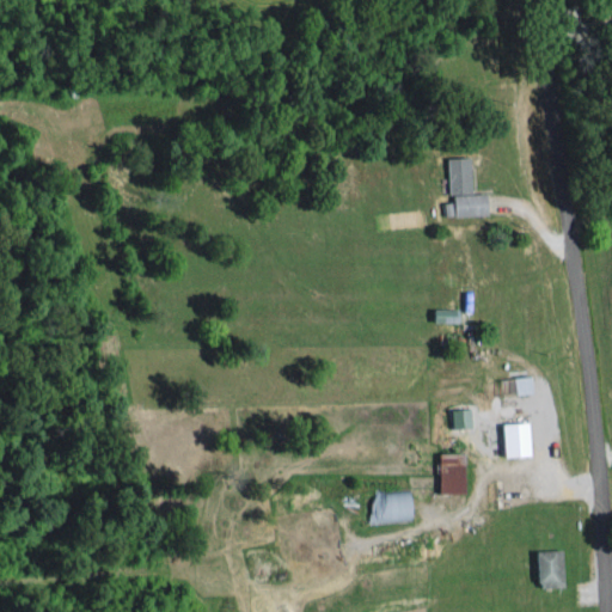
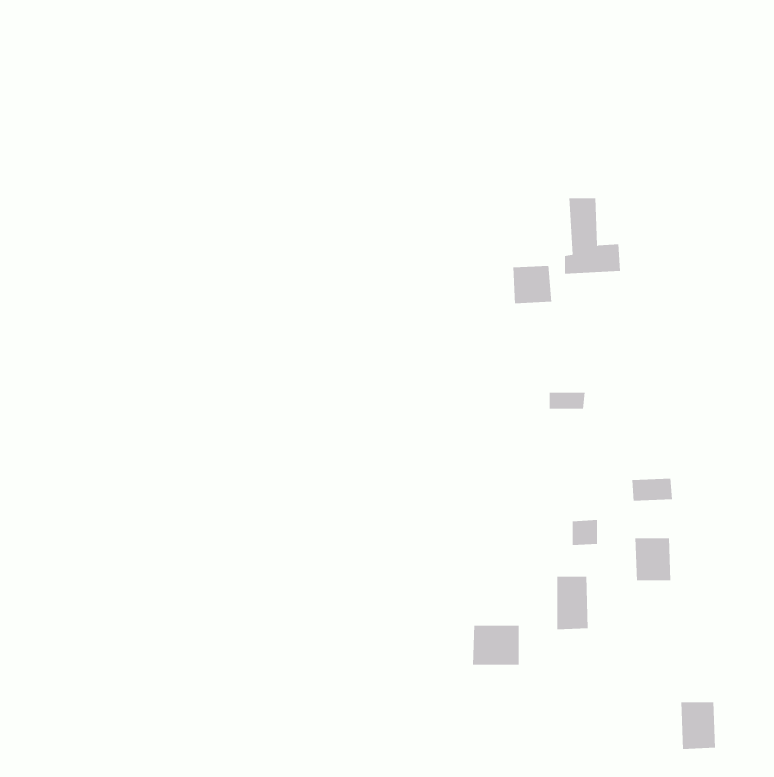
building: none -> [513,265,552,304]

